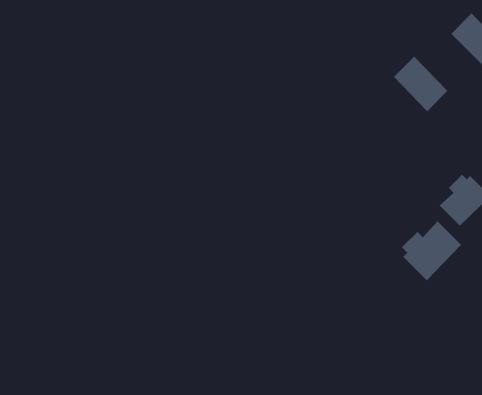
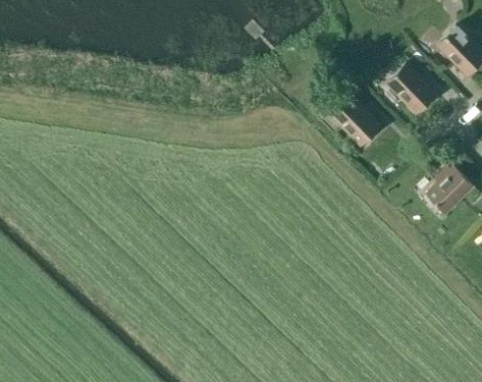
building: none -> [332,97,381,145]
building: [401,220,462,281] -> none

